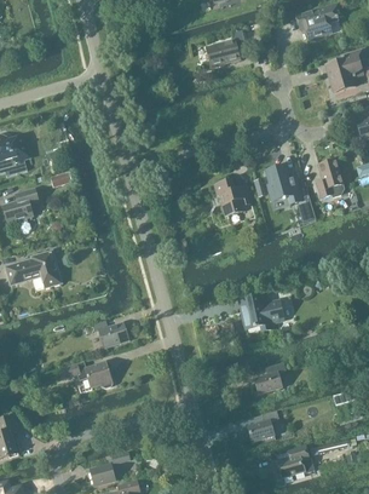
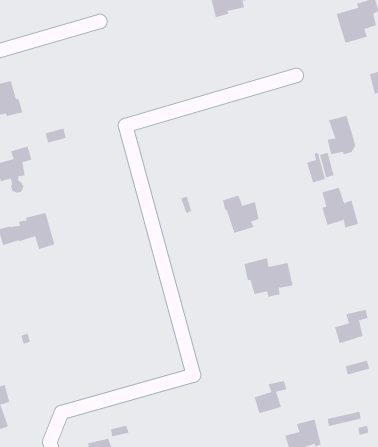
building: [267,166,302,205] -> [322,187,359,228]
building: [215,180,250,217] -> [222,195,259,233]
building: [93,321,129,347] -> none
building: [59,362,113,389] -> none
building: [254,362,287,395] -> [334,309,369,344]

